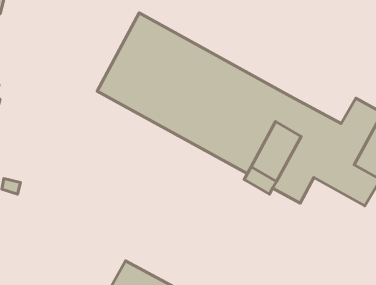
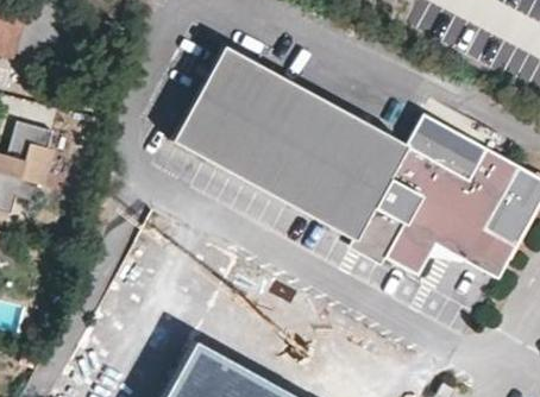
building: none -> [406,114,485,178]

